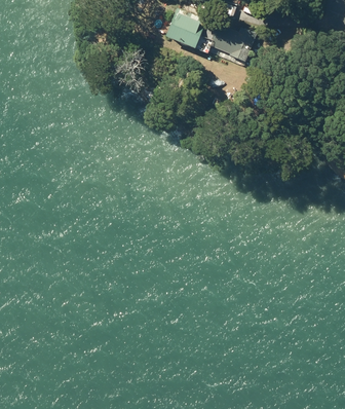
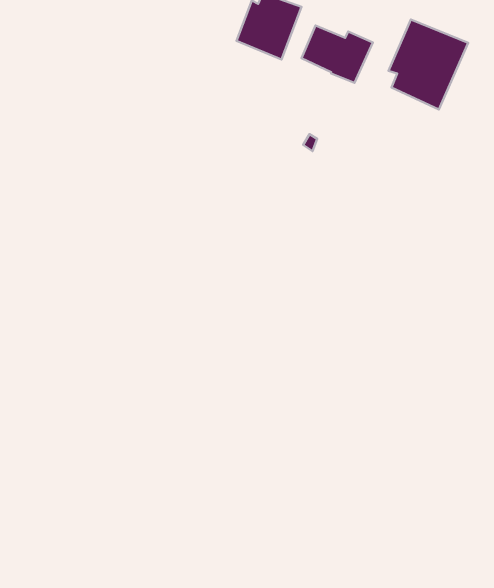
building: none -> [389,20,468,110]

